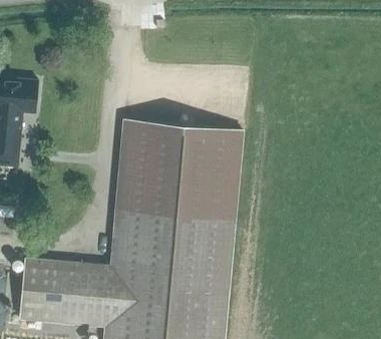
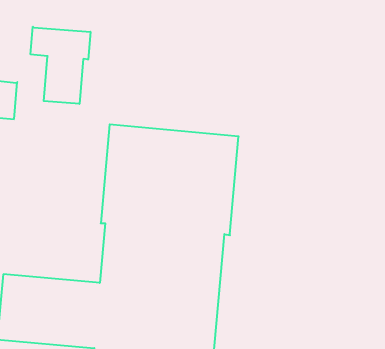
building: none -> [31,27,90,104]

